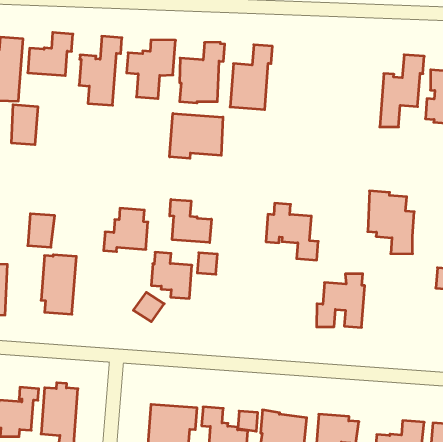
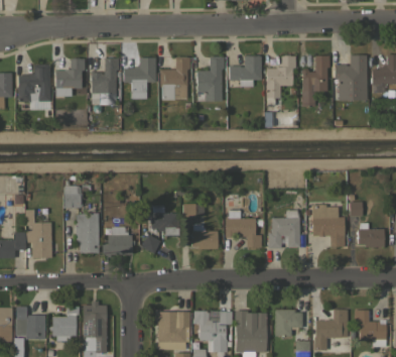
building: none -> [230,56,262,87]
building: none -> [266,56,296,106]
building: [12,105,38,145] -> none
building: [170,113,223,158] -> none
building: [368,191,414,254] -> [312,205,346,247]
building: [170,199,211,243] -> none
building: [266,203,318,260] -> [226,211,262,248]
building: [104,208,148,252] -> [103,227,132,257]
building: none -> [192,224,219,249]

